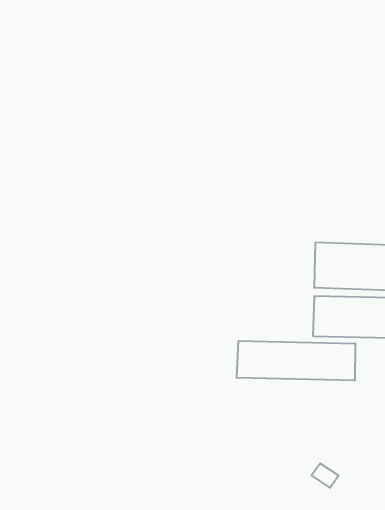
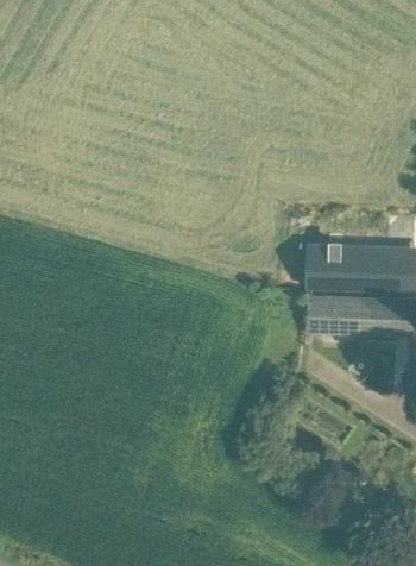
building: [237,341,355,381] -> none

